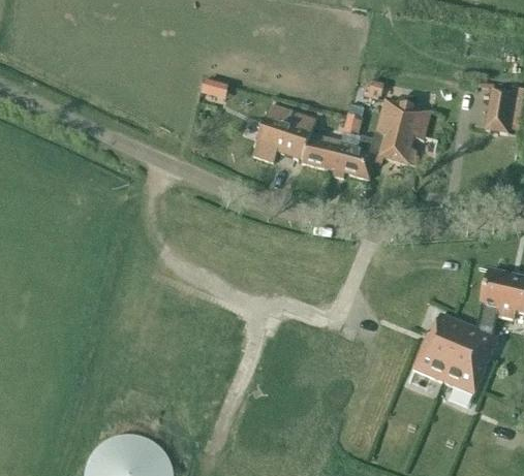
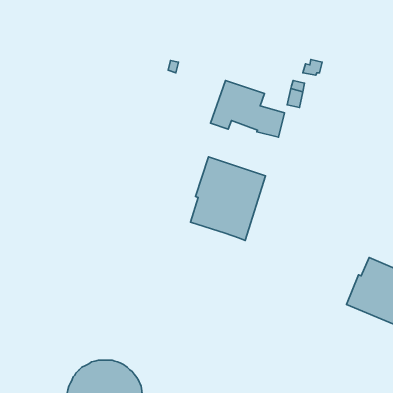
building: [332,94,431,179] -> none
building: none -> [190,157,266,241]

